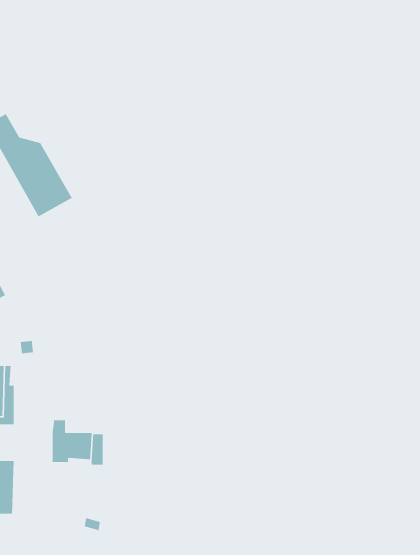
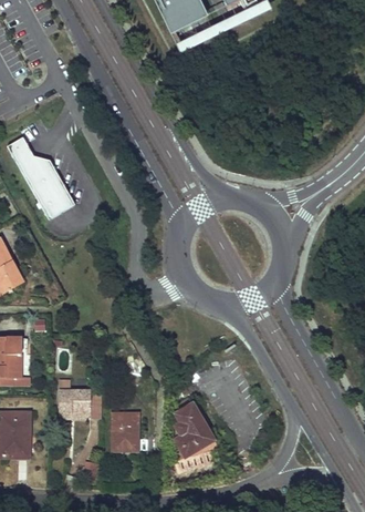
building: none -> [174,402,216,459]
building: none -> [112,412,137,450]

